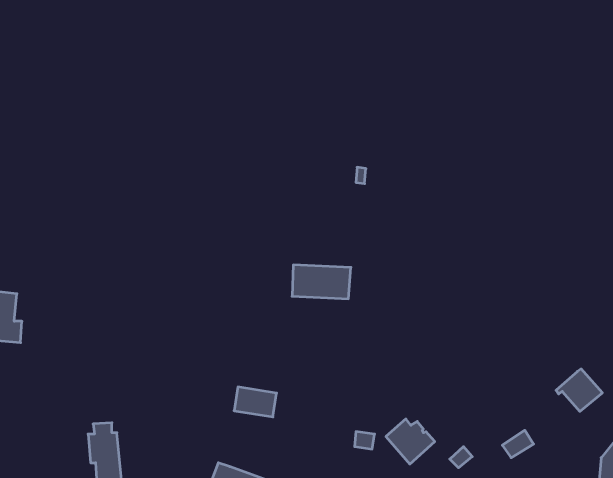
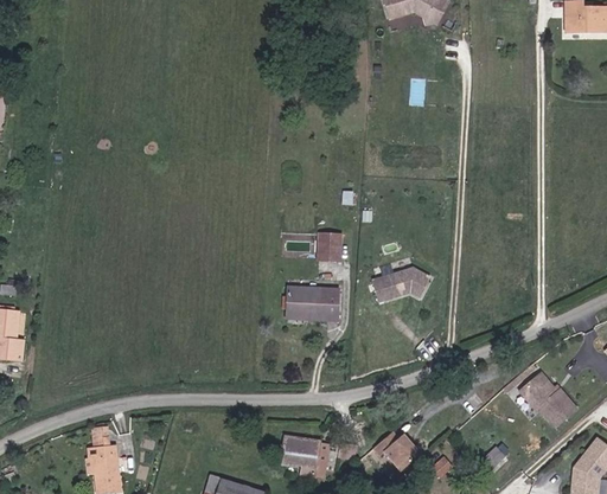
building: none -> [319,232,340,261]
building: none -> [371,268,430,303]
building: none -> [519,372,552,404]
building: [234,387,277,417] -> [279,436,319,464]

